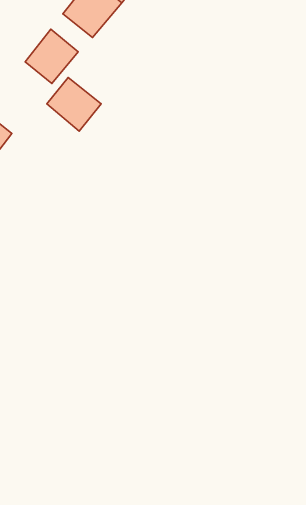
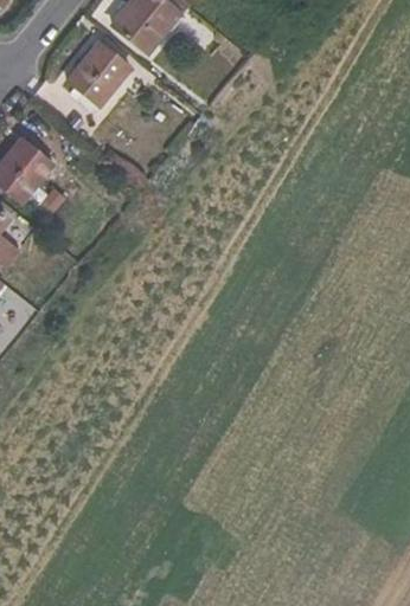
building: [47,78,101,131] -> none

